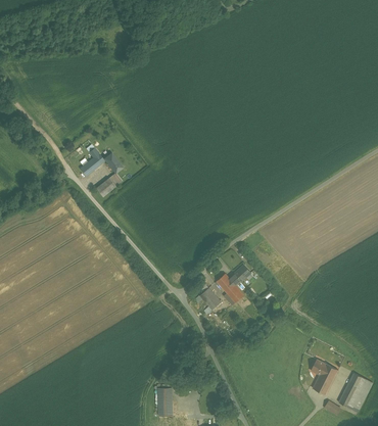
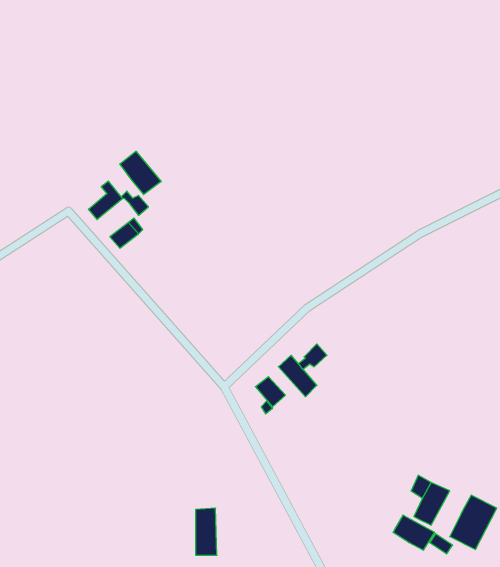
building: none -> [120,151,161,195]
building: none -> [393,515,434,550]

